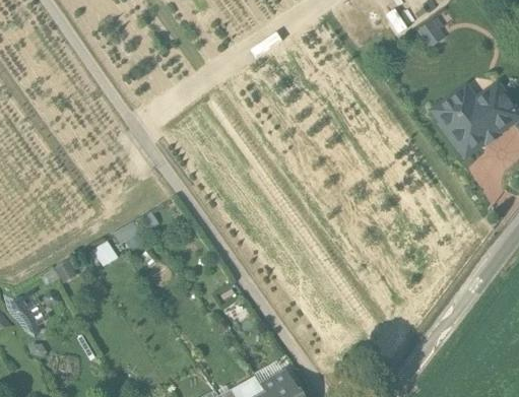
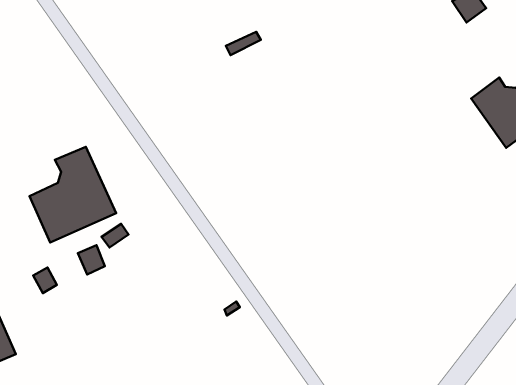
building: none -> [29,147,116,243]

